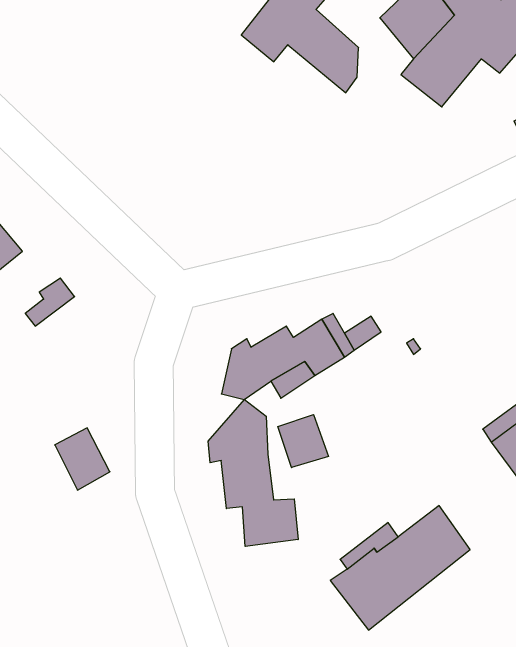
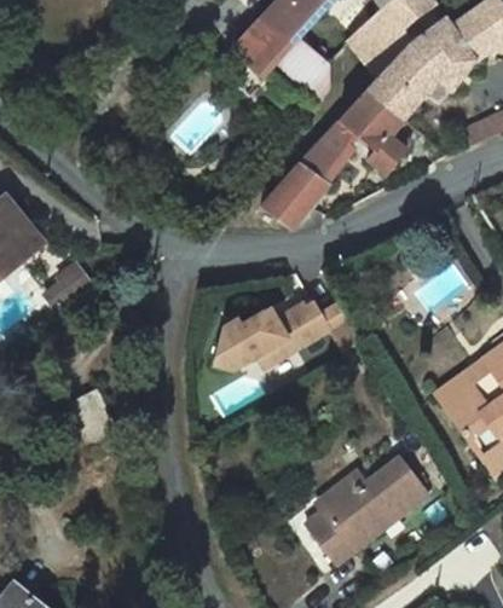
building: none -> [261,88,412,228]
building: [208,399,298,546] -> none
building: [278,415,328,468] -> none

